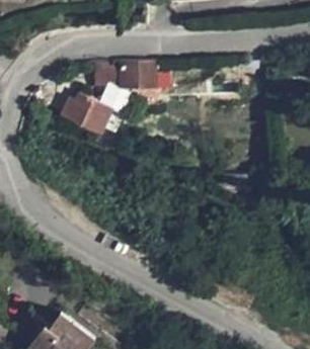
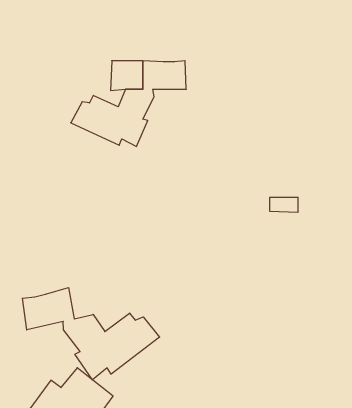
building: none -> [22,288,160,380]

